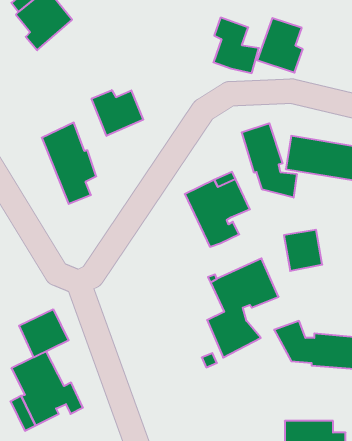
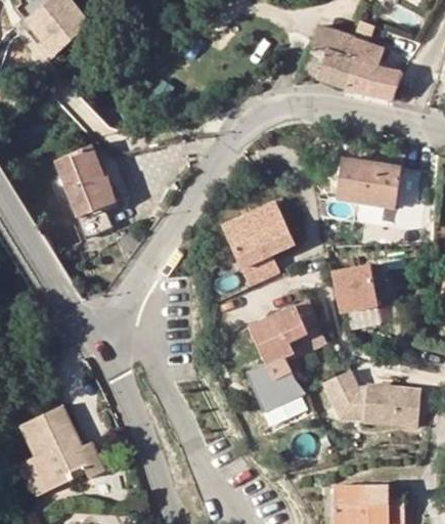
building: [213,18,259,73] -> [346,35,398,98]
building: [92,90,143,136] -> none
building: [242,123,297,198] -> none
building: [19,309,69,357] -> none

